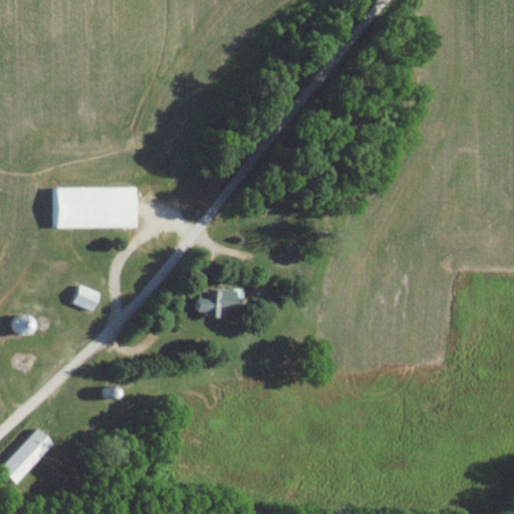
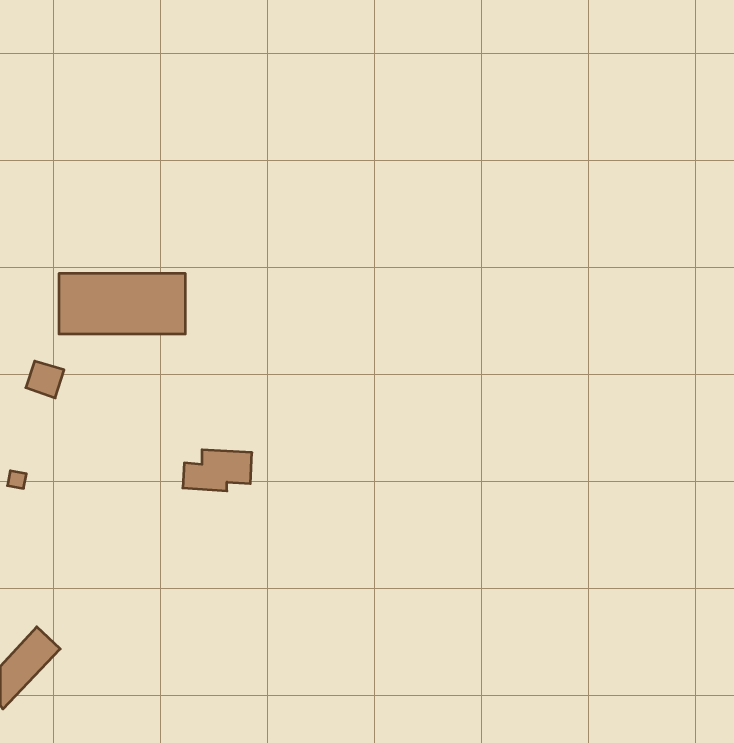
building: [72,285,98,310] -> [26,361,64,398]
building: [192,288,239,316] -> [183,450,252,491]

